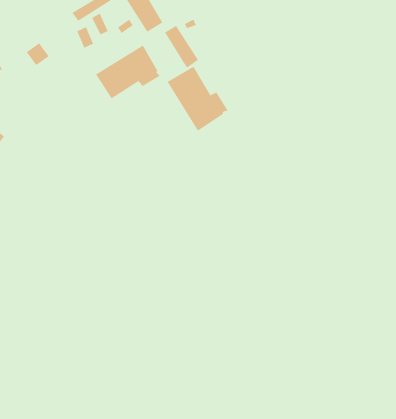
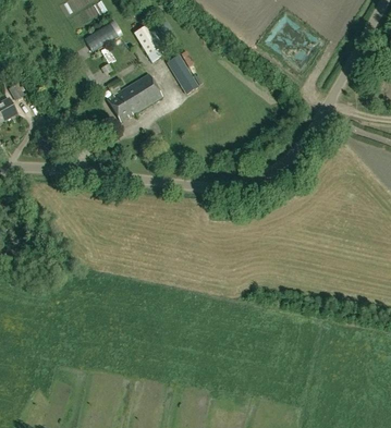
building: [167,66,228,131] -> none

